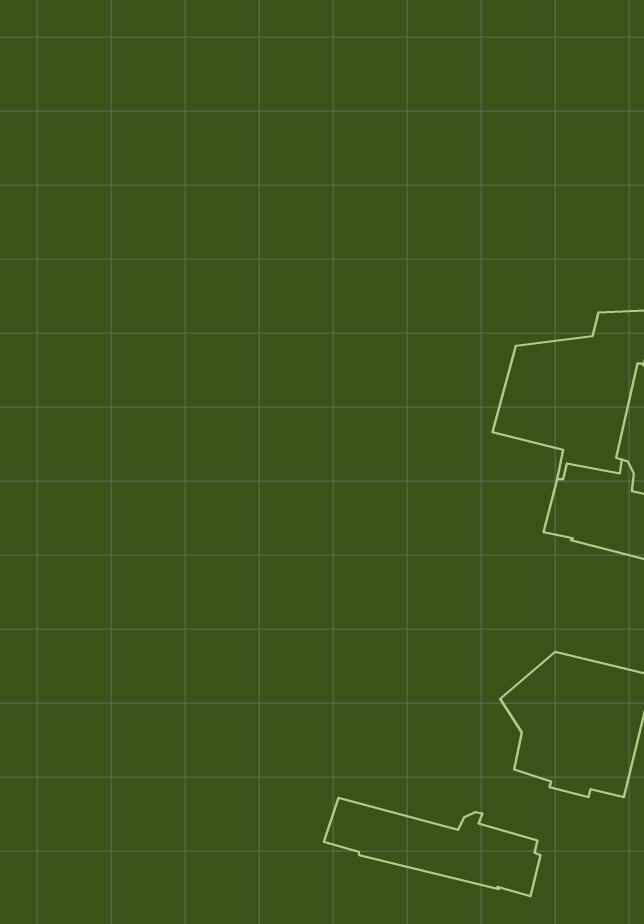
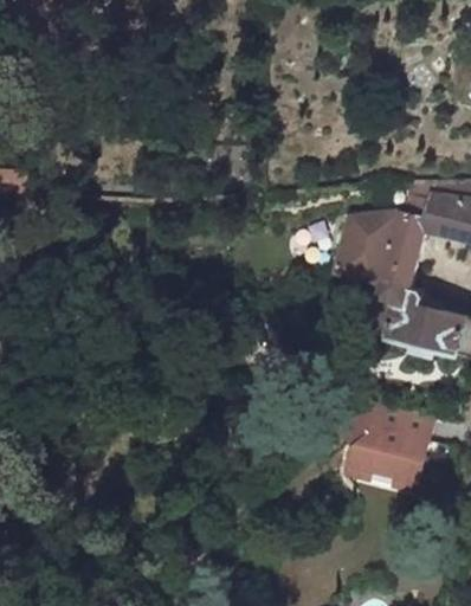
building: [324,798,540,896] -> none

